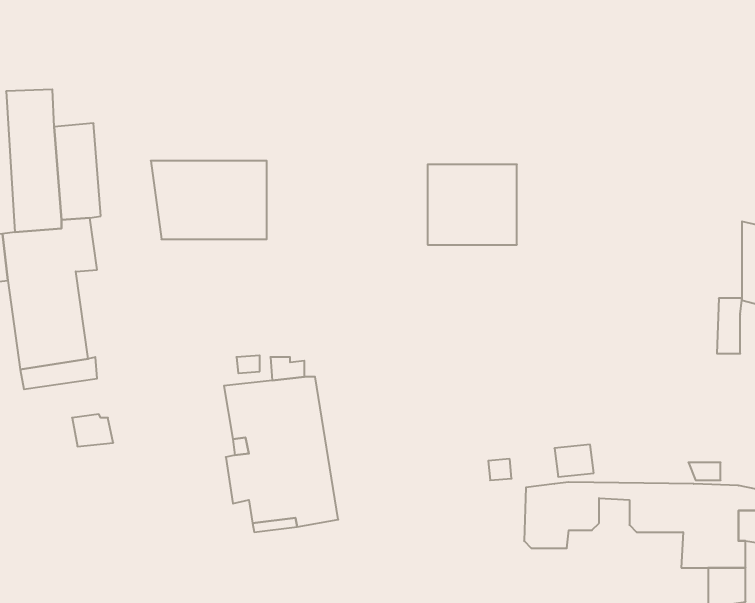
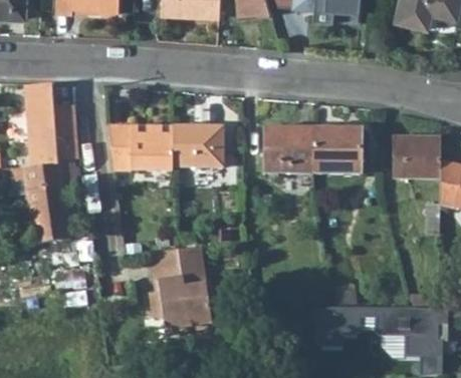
building: none -> [173,126,223,166]
building: none -> [313,128,361,173]
building: none -> [392,136,441,177]

